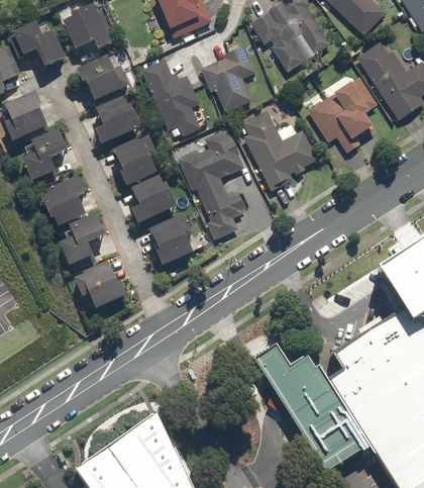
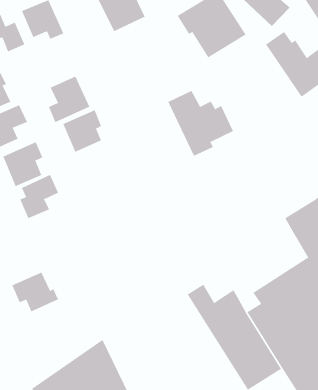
building: [201,45,255,113] -> none
building: [77,52,130,101] -> none
building: [139,58,200,137] -> none
building: [306,76,379,153] -> none
building: [177,128,247,240] -> none
building: [131,173,178,224] -> none
building: [147,212,196,265] -> none
building: [73,260,129,308] -> [12,272,59,312]

